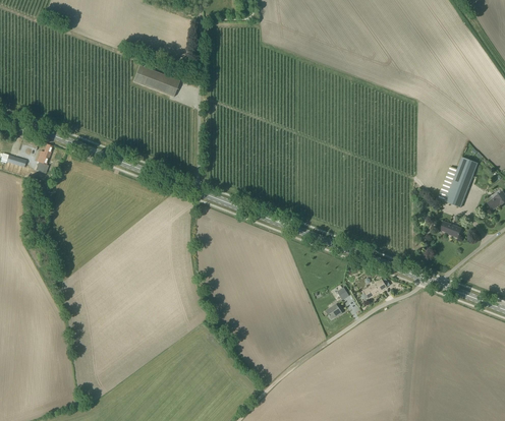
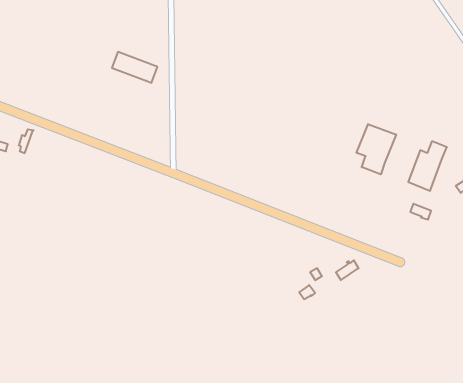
building: none -> [357,124,396,174]

